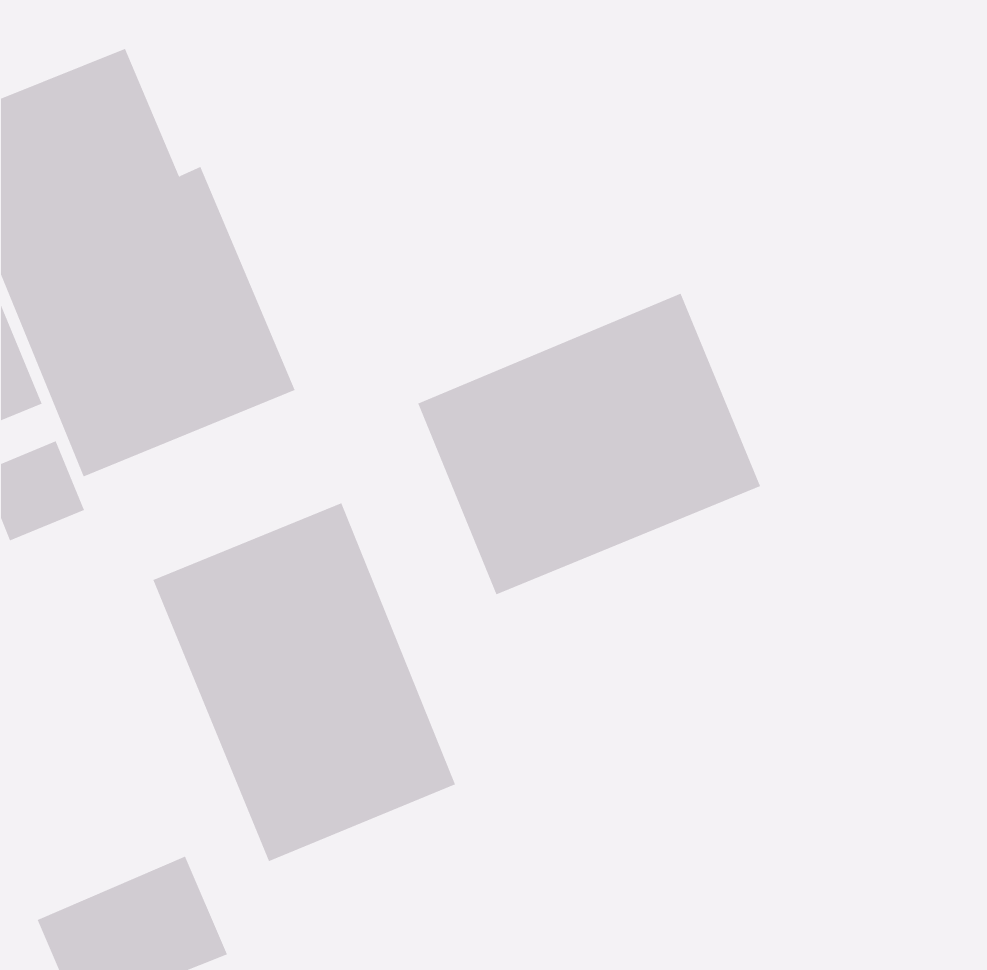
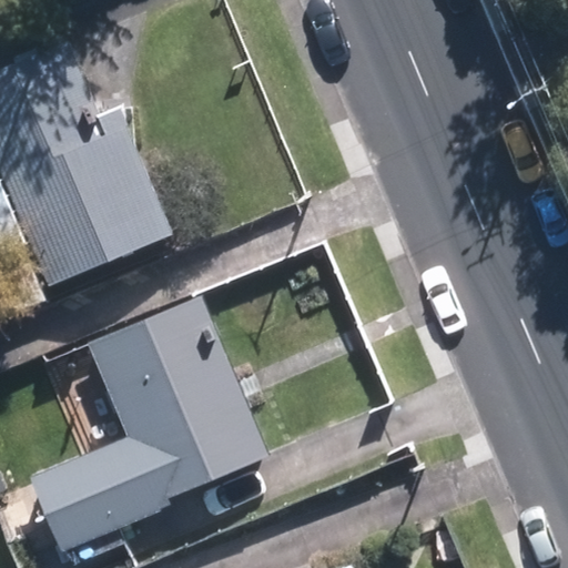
building: [417,293,761,595] -> none

